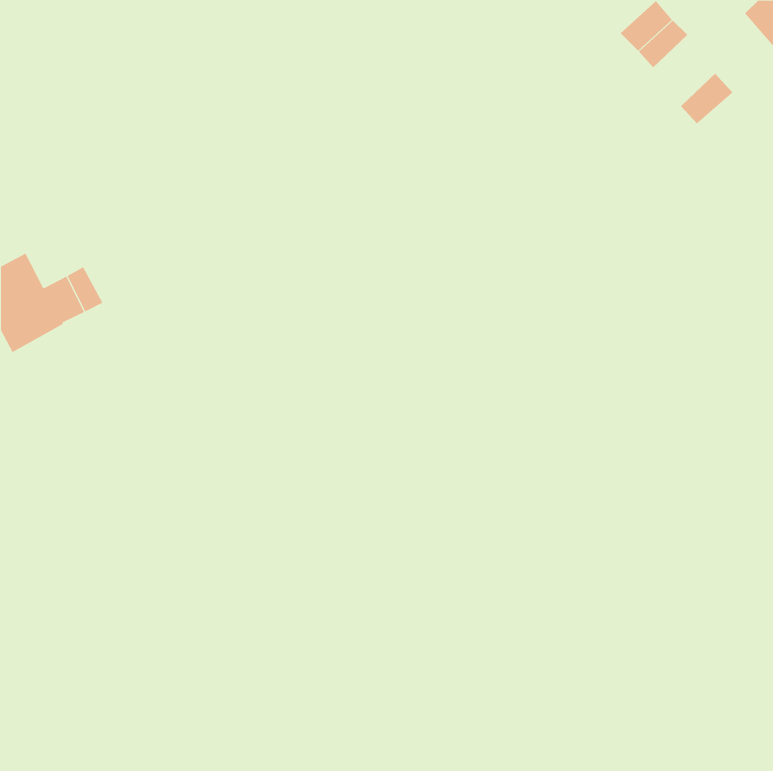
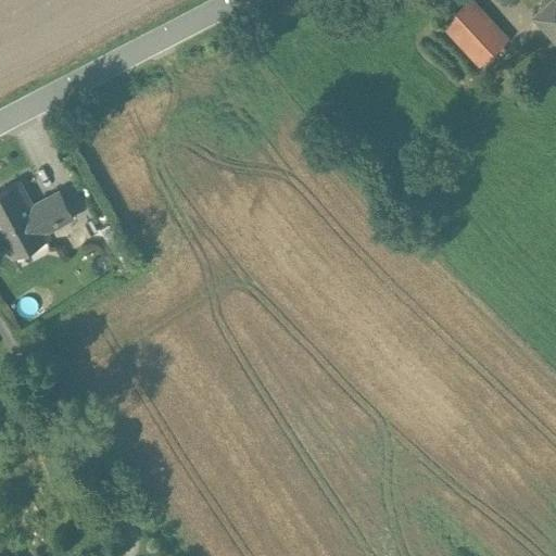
building: [680,73,733,124] -> [469,27,507,64]

